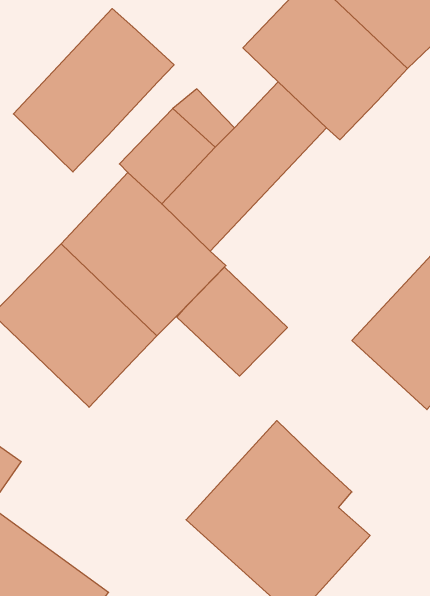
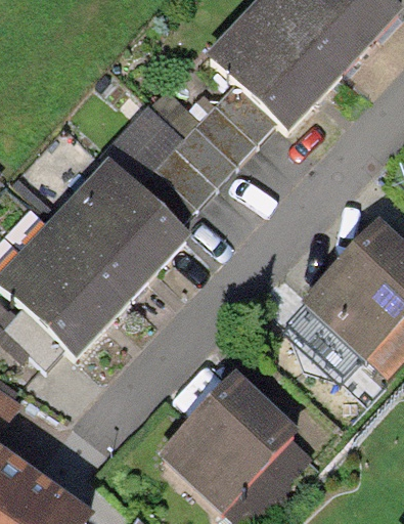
building: [13,9,174,172] -> none
building: [177,267,287,376] -> none

